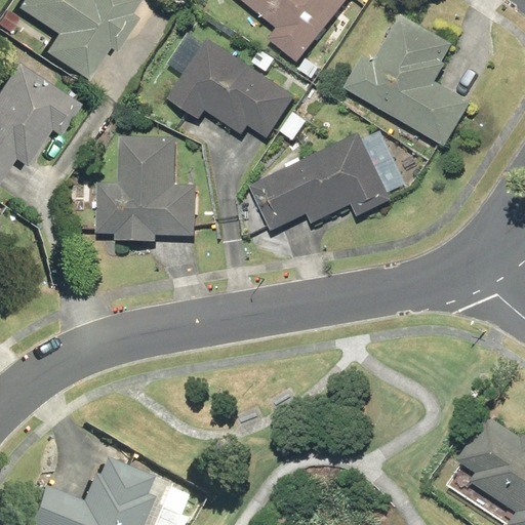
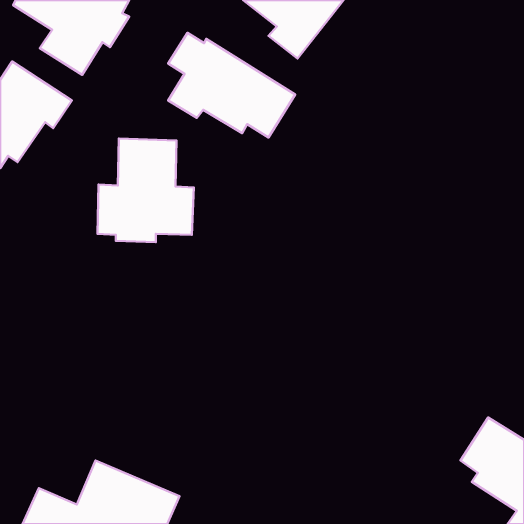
building: [345,17,470,145] -> none
building: [253,133,391,228] -> none

